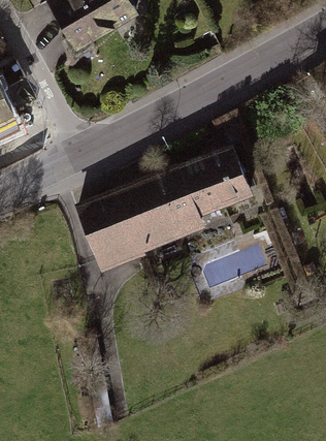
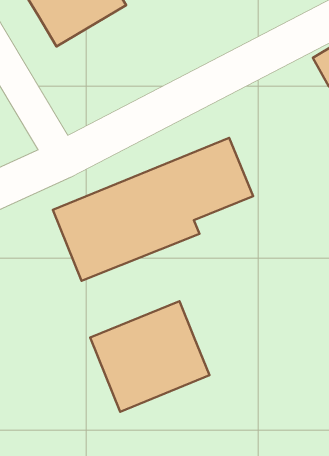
building: none -> [90,301,210,412]

